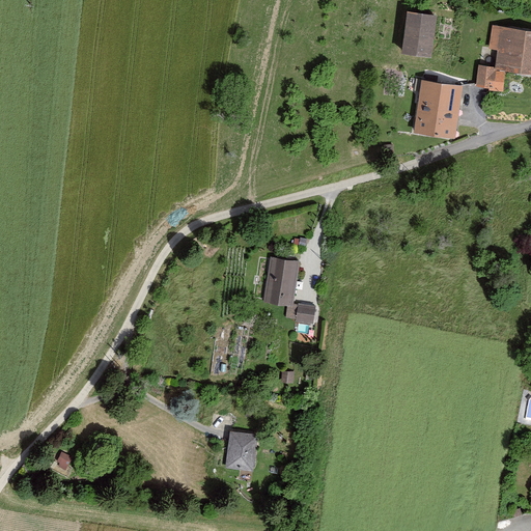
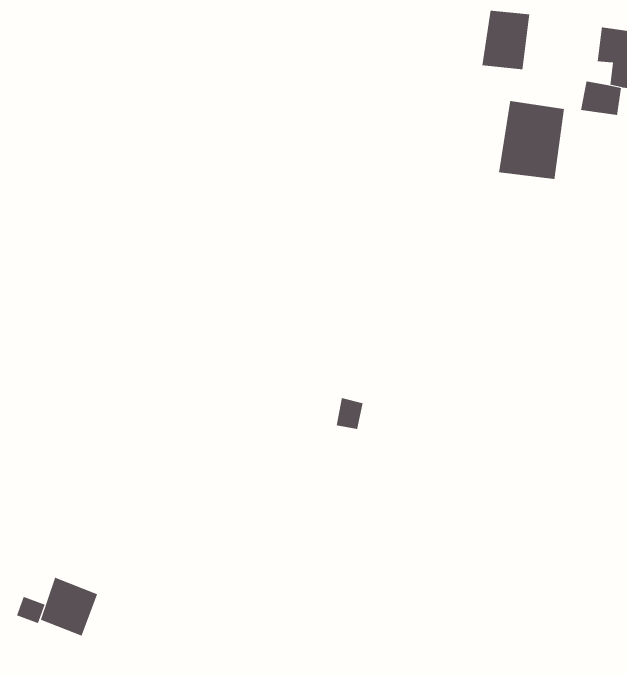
building: [261,256,298,306] -> none
building: [224,430,257,474] -> none
building: none -> [40,577,98,636]

